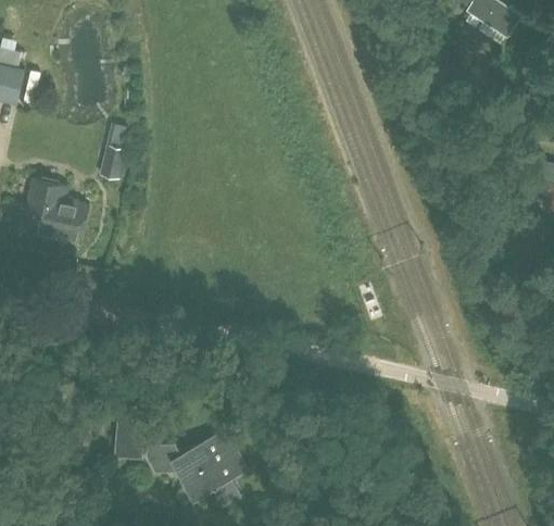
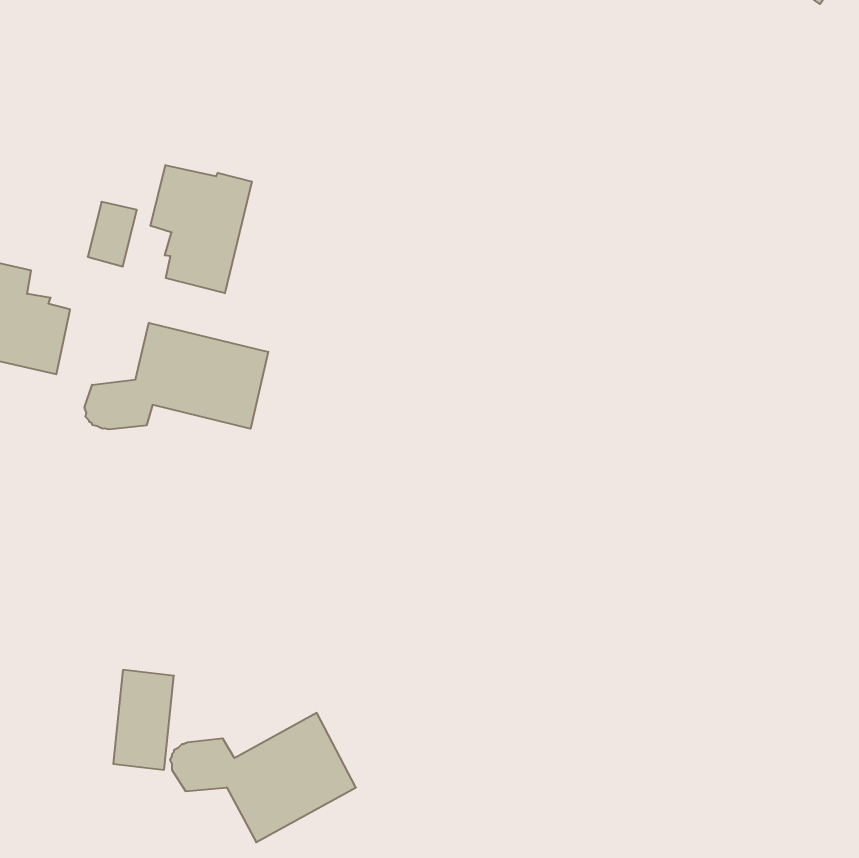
building: none -> [151,165,252,293]
building: none -> [85,323,268,429]

